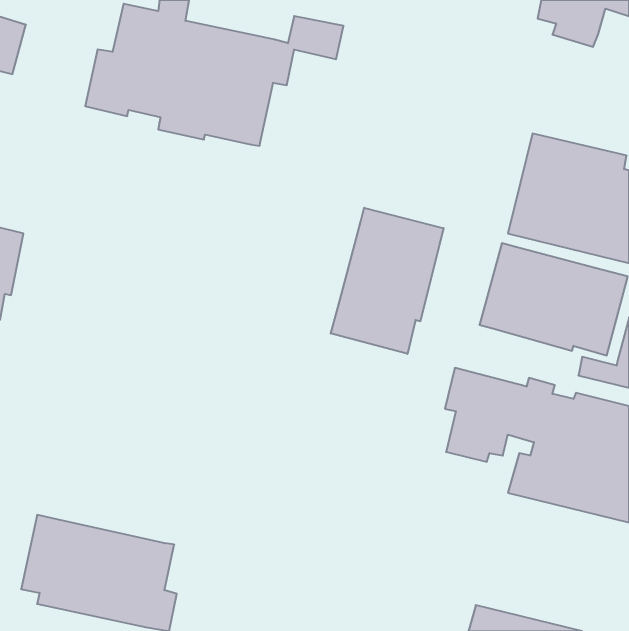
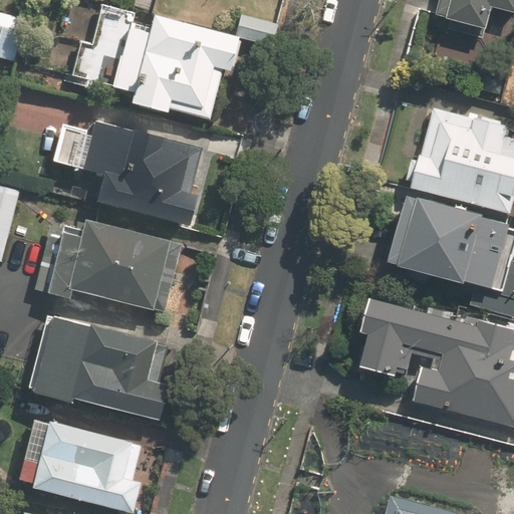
building: none -> [52,119,199,224]
building: [331,208,444,354] -> none
building: none -> [46,220,181,313]
building: none -> [31,315,168,423]

